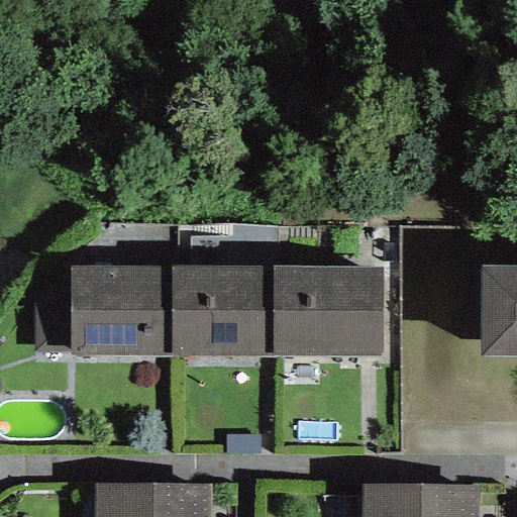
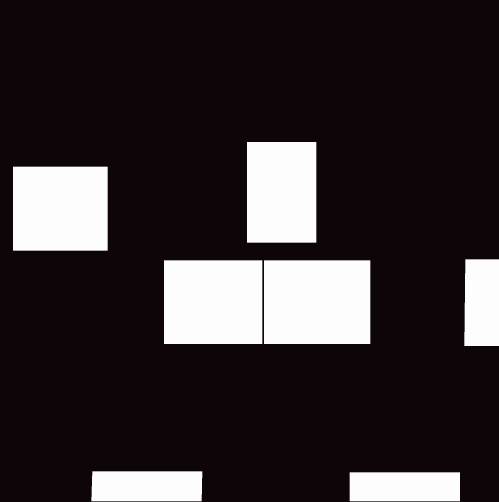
building: none -> [246,141,317,243]
building: [72,267,171,354] -> [12,166,109,251]

